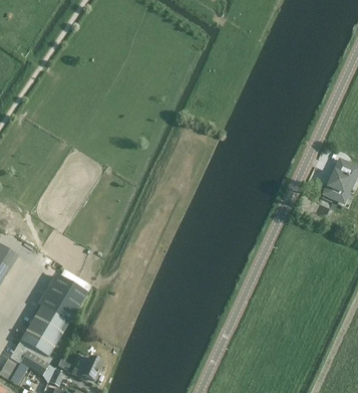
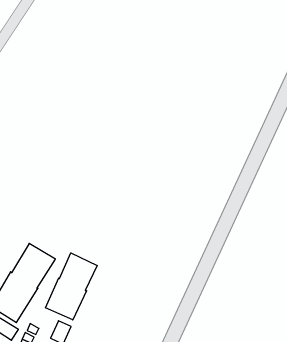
building: none -> [46,253,97,320]

